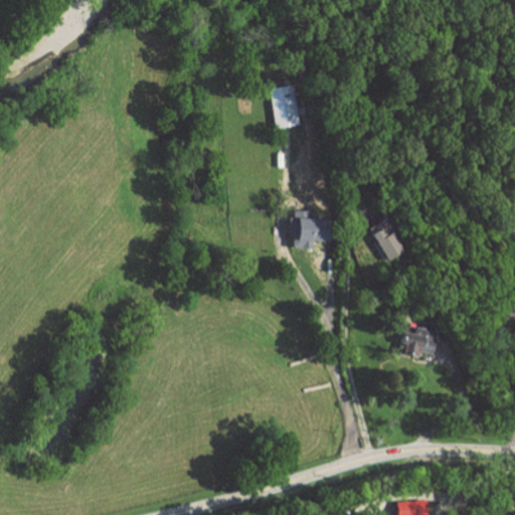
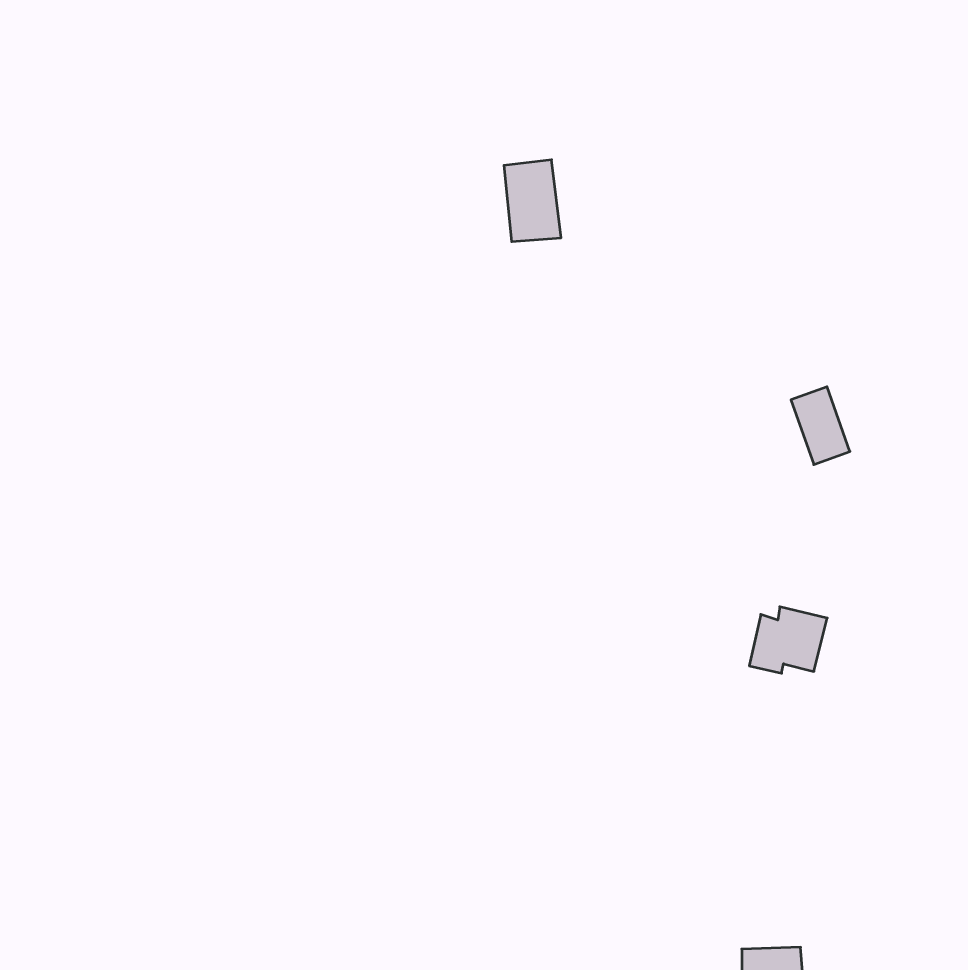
building: [296,212,329,246] -> none
building: [371,220,402,262] -> [791,387,850,465]

